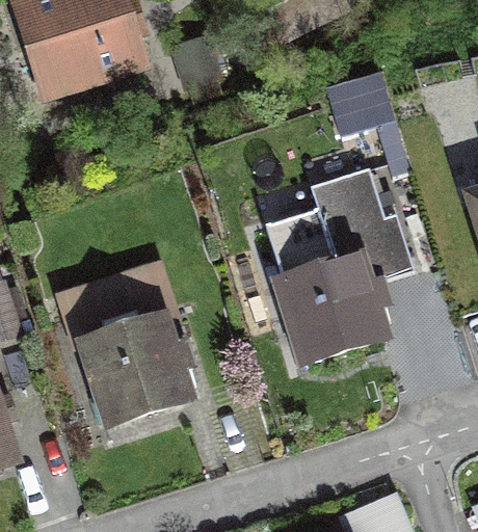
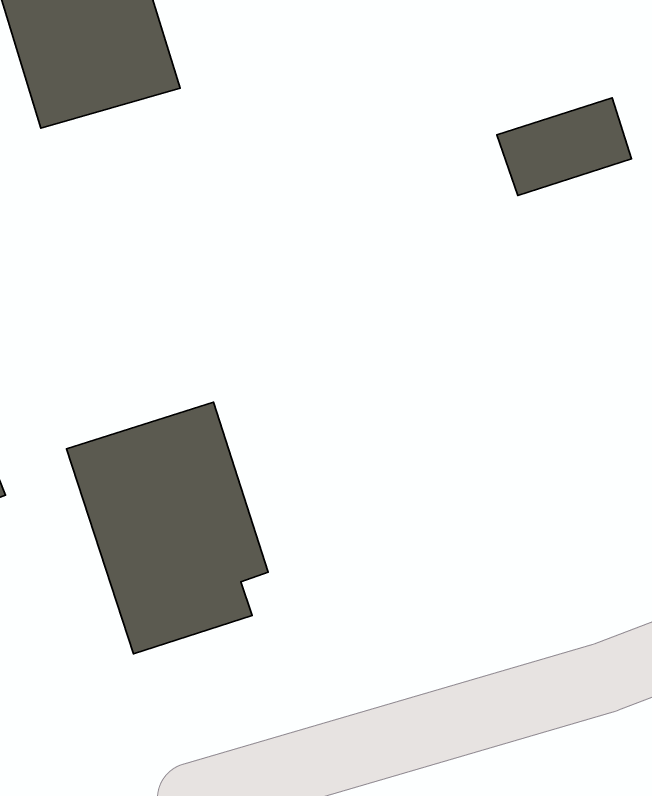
building: [267,184,404,357] -> none

